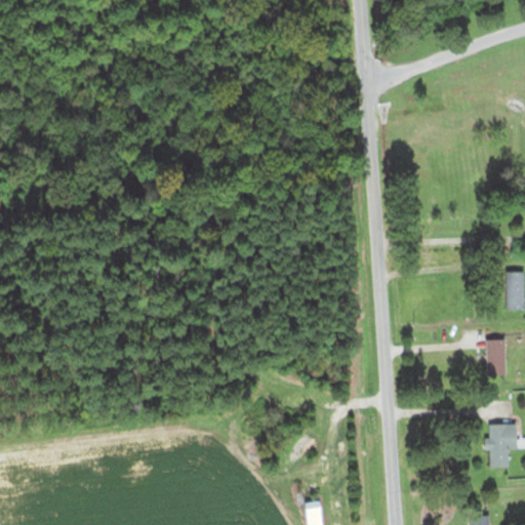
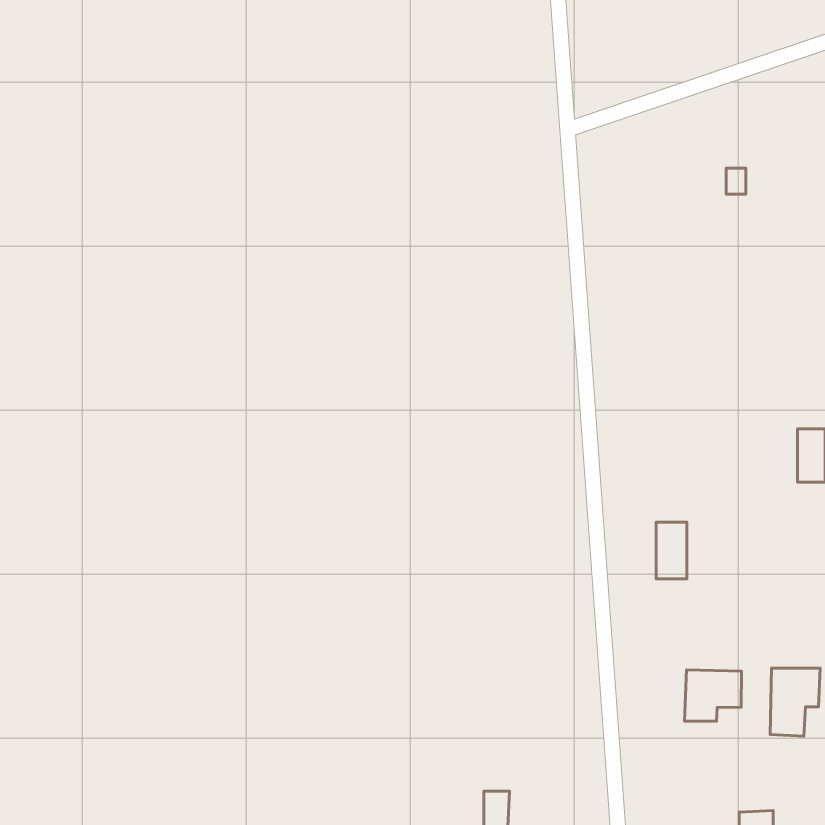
building: [487,340,507,376] -> [656,522,687,579]
building: none -> [684,670,741,721]

